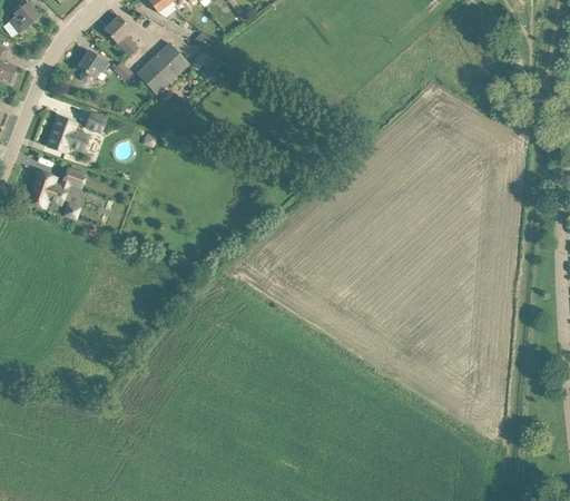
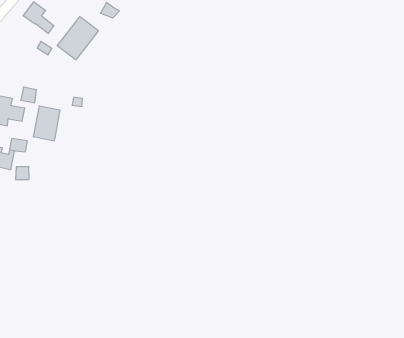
building: [78,50,108,81] -> none
building: none -> [33,106,60,141]

